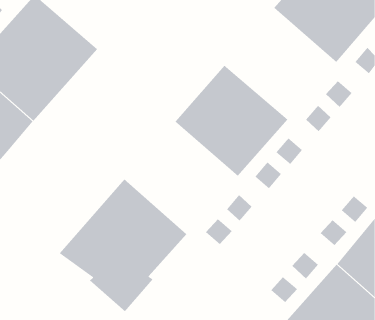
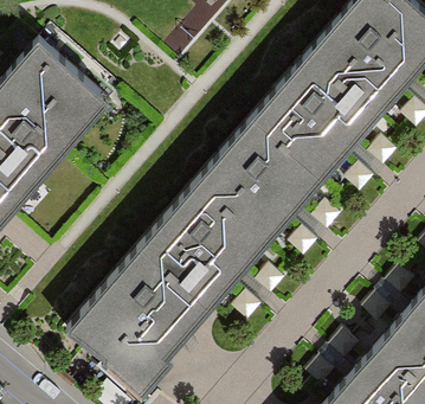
building: none -> [253,51,380,177]
building: none -> [141,179,269,306]

